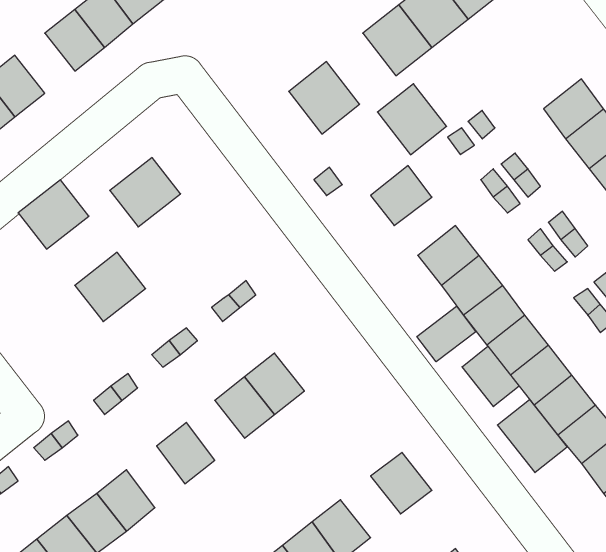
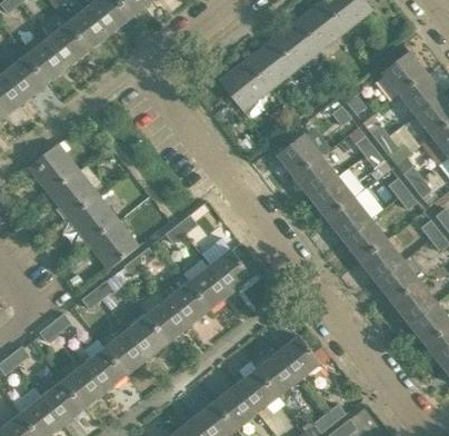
building: none -> [26,40,68,82]
building: none -> [381,51,426,93]
building: [377,84,447,155] -> [246,40,295,90]
building: [110,158,181,227] -> [48,169,98,218]
building: none -> [293,156,337,197]
building: none -> [88,220,138,269]
building: [417,306,476,362] -> none
building: none -> [209,249,251,293]
building: [462,346,519,407] -> none
building: [497,399,567,473] -> none
building: none -> [147,299,188,341]
building: none -> [104,331,146,375]
building: none -> [256,353,298,396]

